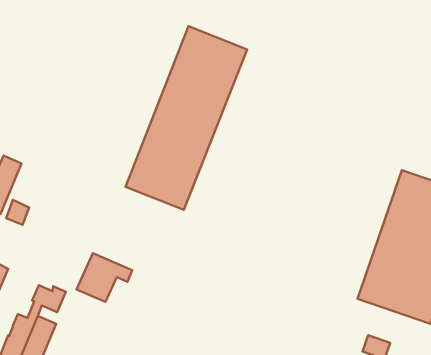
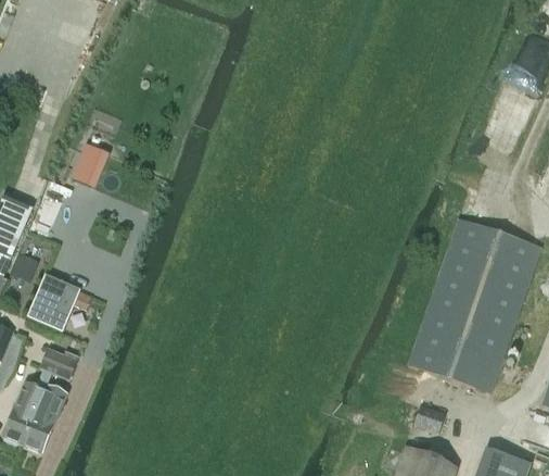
building: [125,26,247,210] -> none
building: none -> [69,142,107,188]
building: [77,253,132,302] -> [28,276,91,331]

